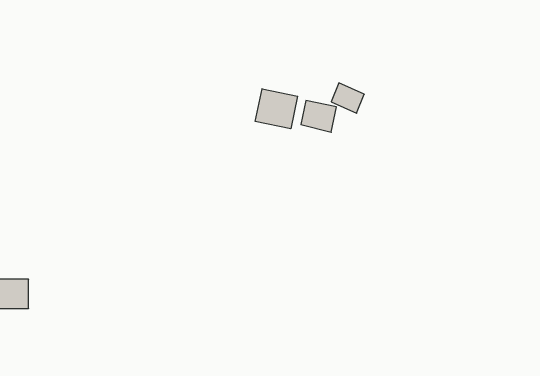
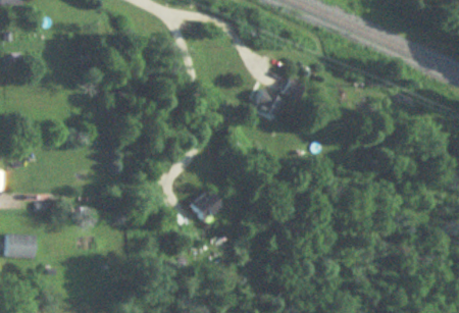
building: [255,89,298,129] -> none
building: none -> [189,188,225,223]

